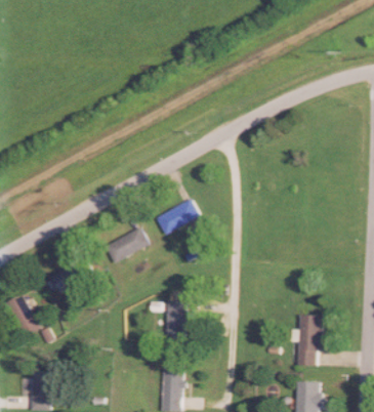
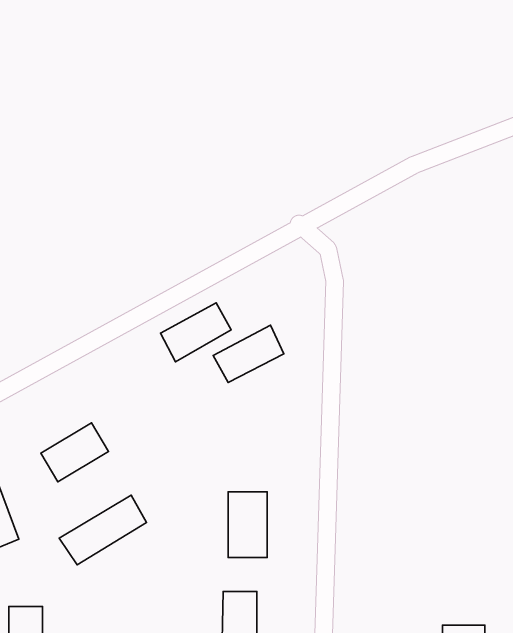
building: [106,228,149,263] -> [160,303,231,362]
building: none -> [59,495,147,565]
building: [297,314,321,366] -> none

